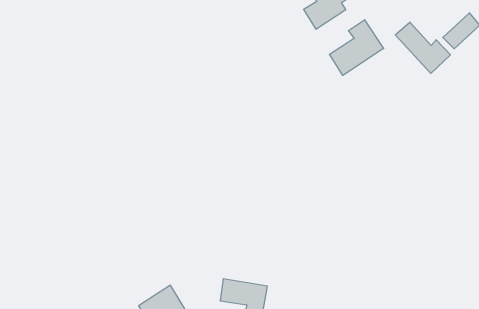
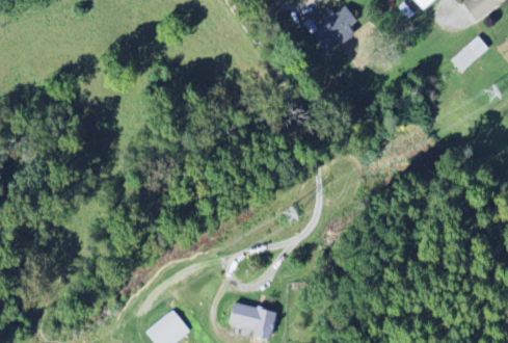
building: [329,20,384,75] -> none
building: [395,22,450,73] -> none

